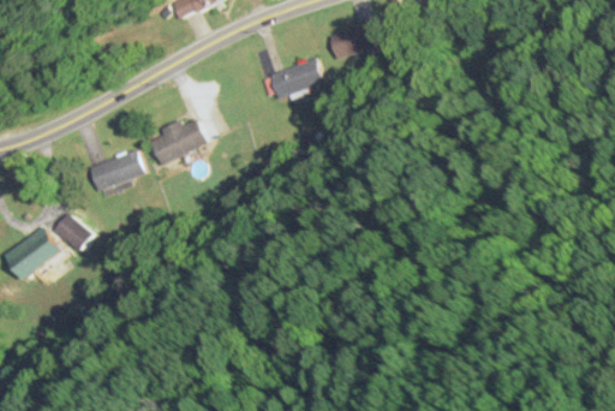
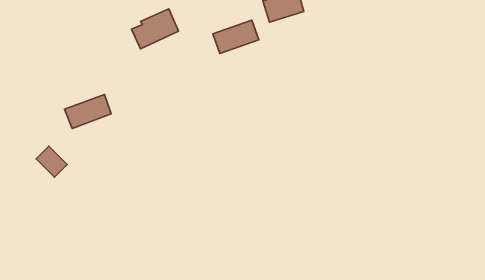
building: [148,117,205,166] -> [132,9,179,49]
building: [20,238,60,278] -> none

